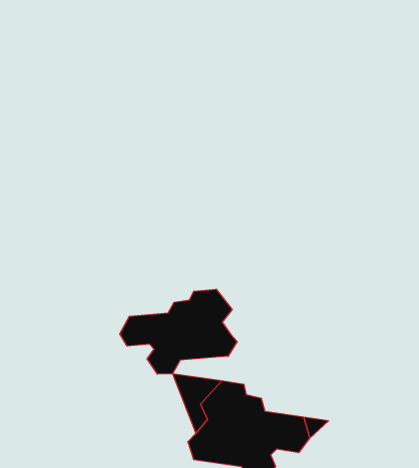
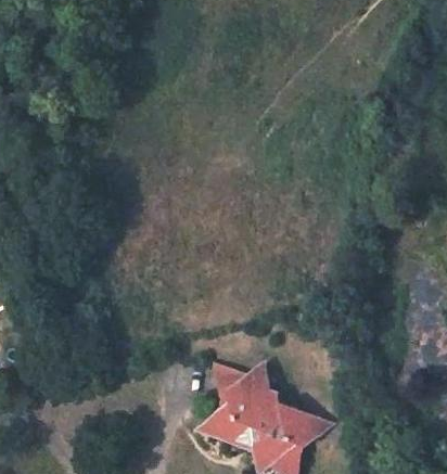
building: [120,289,237,374] -> none

